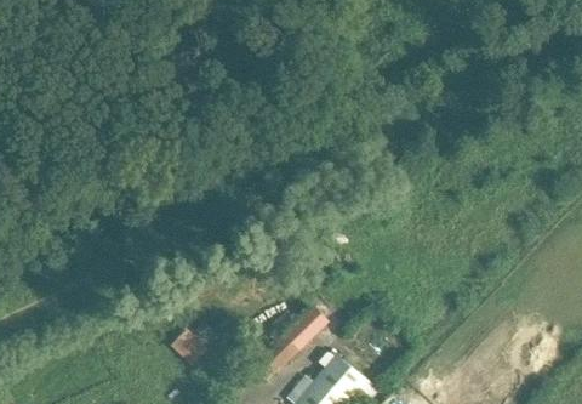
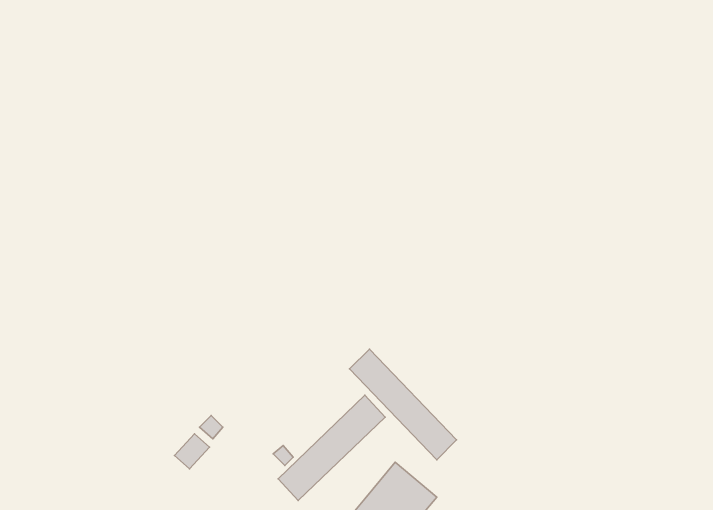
building: none -> [350,349,457,460]

